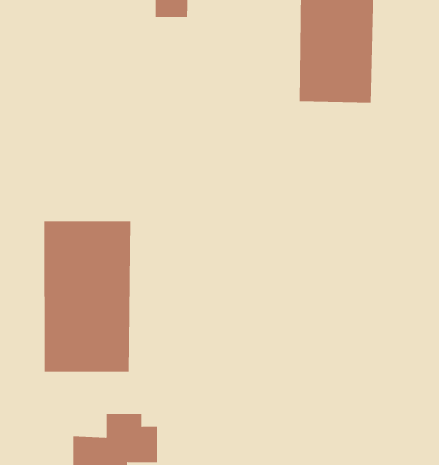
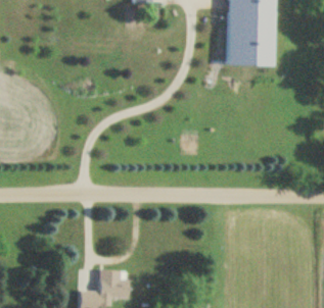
building: [44,220,131,372] -> none

